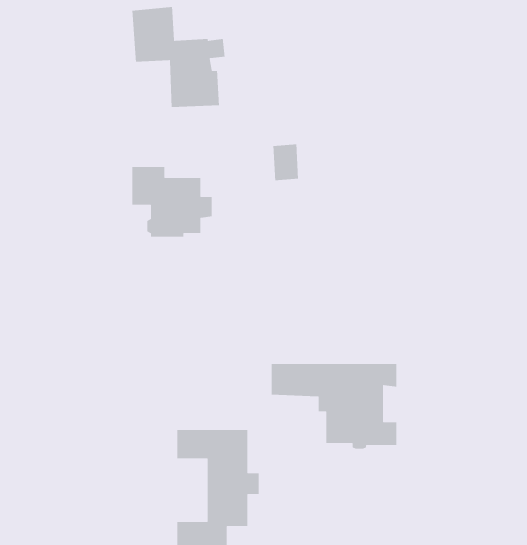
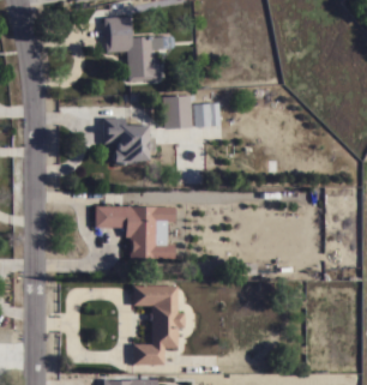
building: none -> [162,95,192,128]
building: [271,363,397,450] -> [95,206,175,261]

